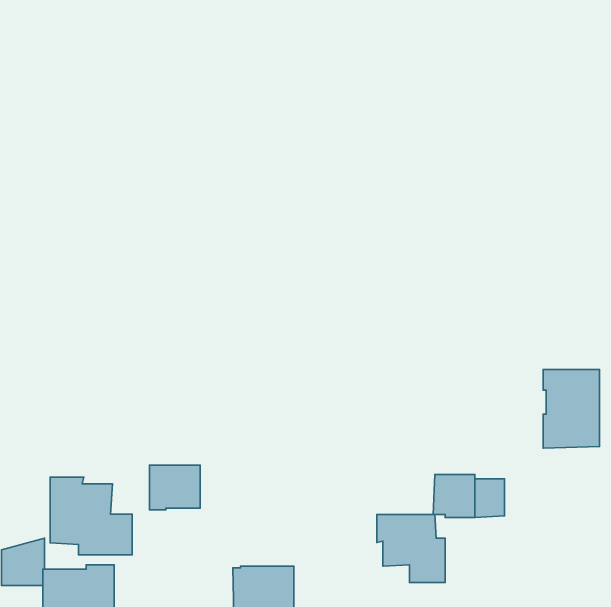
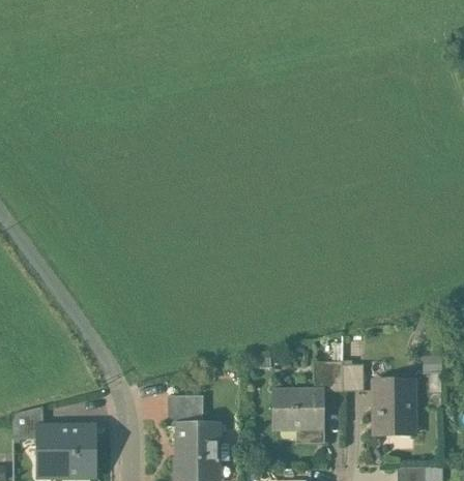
building: [543,370,600,448] -> [375,381,414,435]
building: [150,465,200,510] -> [169,396,204,427]
building: [50,477,132,555] -> none

